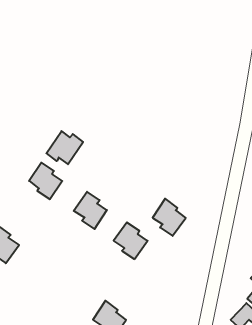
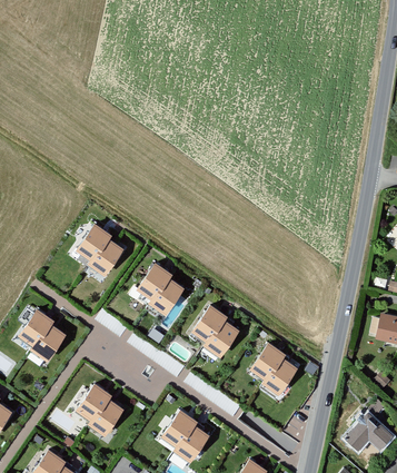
building: [46,131,83,164] -> none
building: [153,199,186,236] -> [251,342,296,392]
building: none -> [77,383,121,433]

